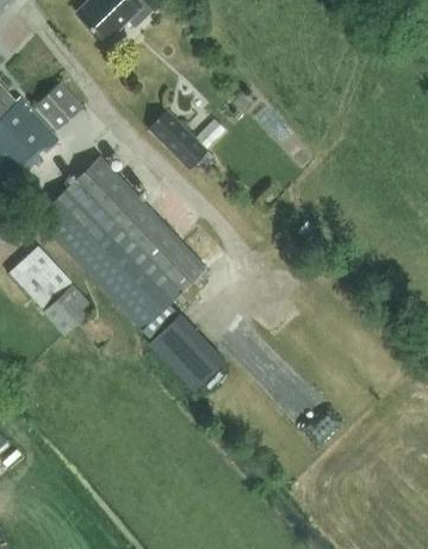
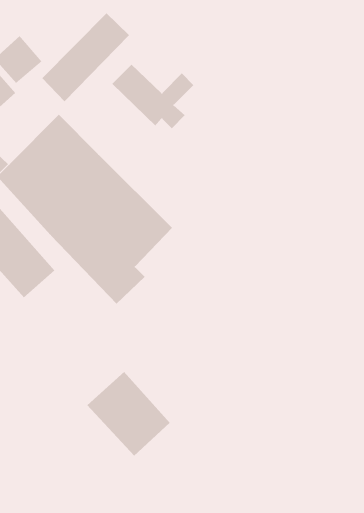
building: none -> [41,12,130,102]
building: [155,309,235,390] -> [86,371,170,457]

